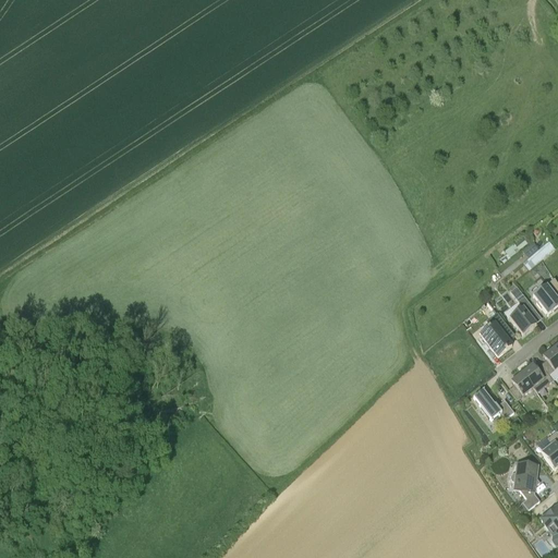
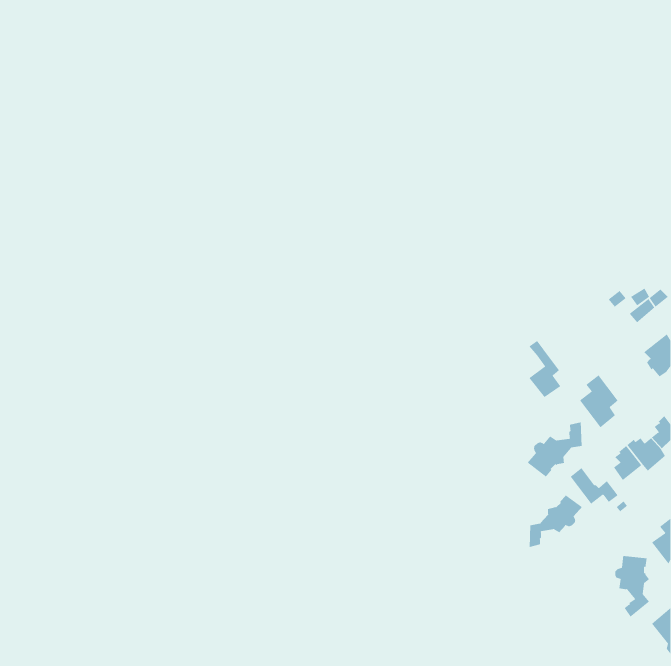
building: [509,284,536,332] -> [528,340,561,398]
building: none -> [527,422,582,478]
building: none -> [529,495,583,548]

